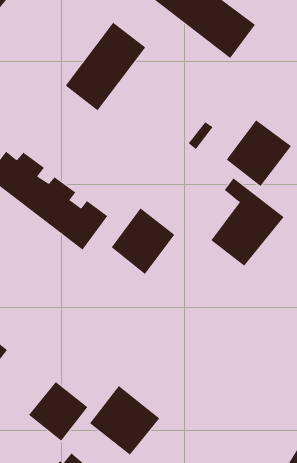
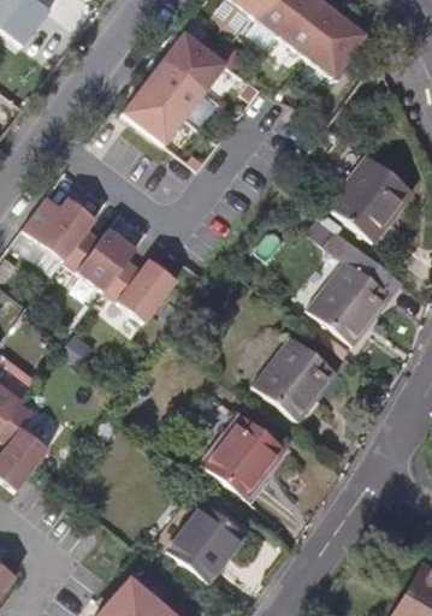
building: [111,207,175,275] -> [253,336,335,421]
building: none -> [201,413,285,499]
building: [28,381,88,442] -> none

